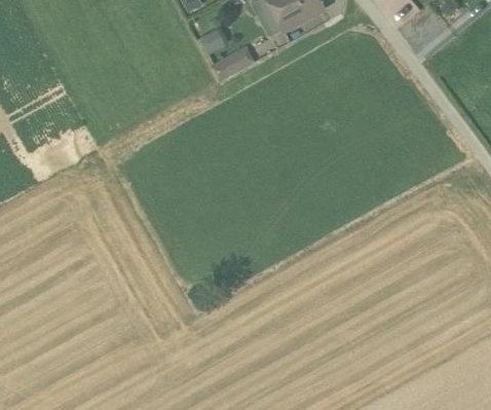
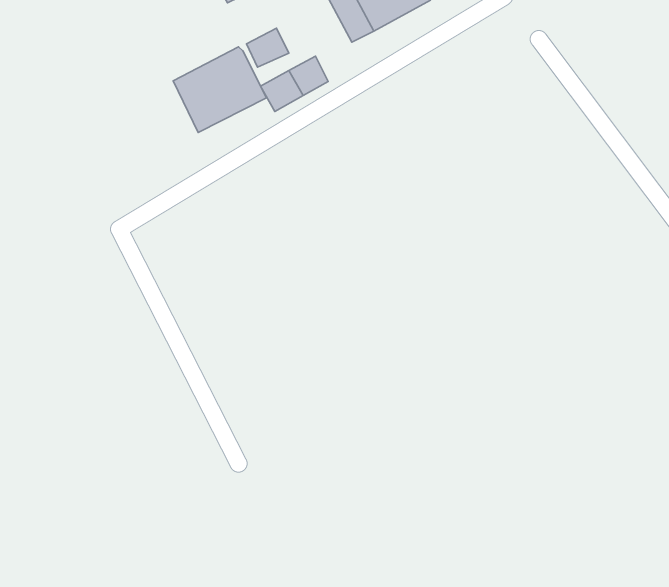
building: none -> [173,47,266,133]

